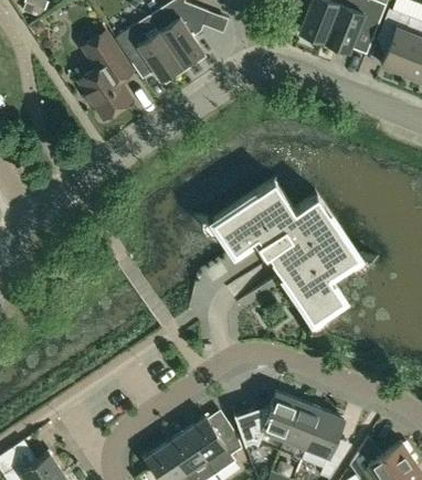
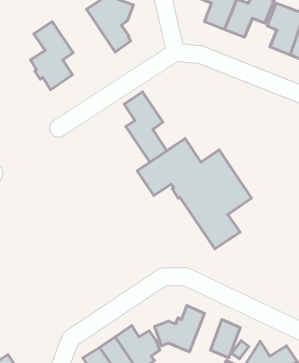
building: [115,18,186,84] -> none
building: none -> [124,92,167,162]
building: [279,402,320,459] -> none

